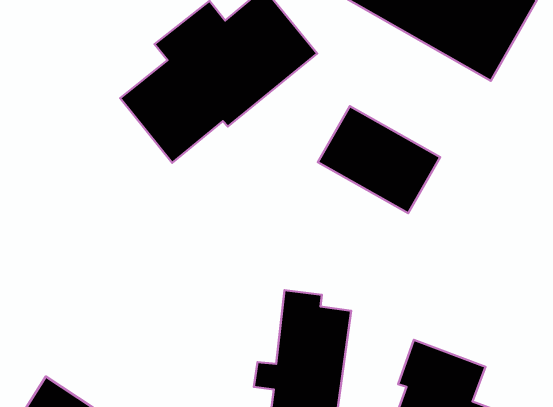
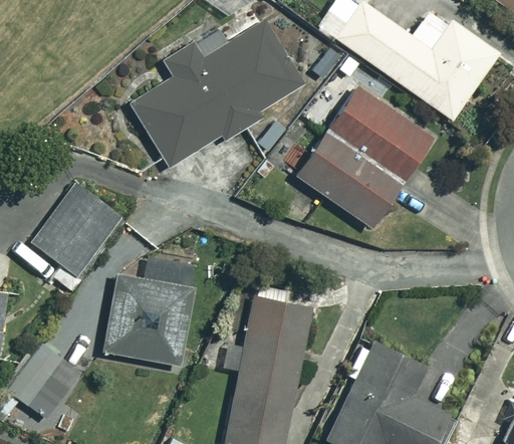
building: none -> [328,87,433,182]
building: none -> [31,184,120,276]
building: none -> [103,258,199,367]

